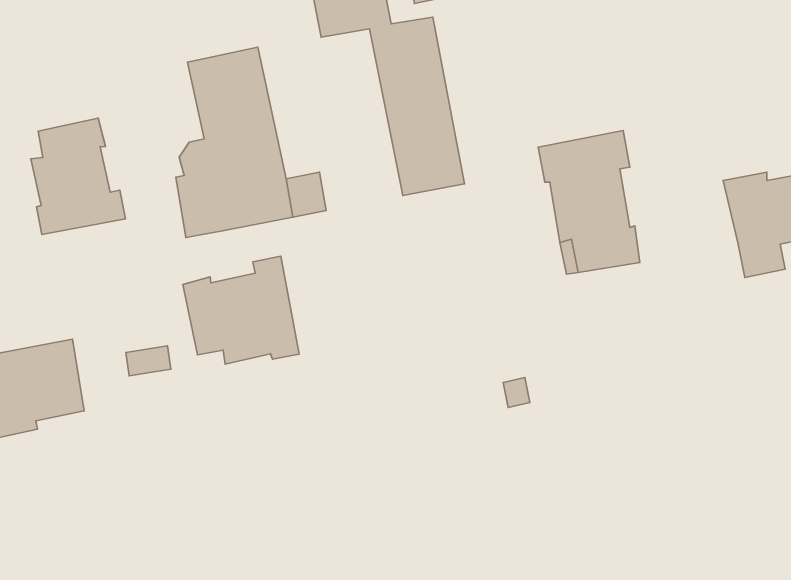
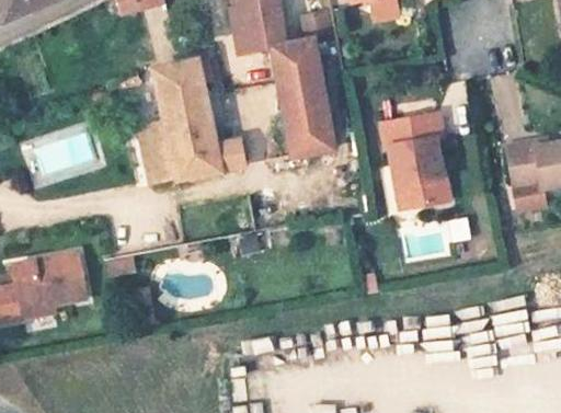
building: [31,118,126,234] -> none
building: [183,256,299,364] -> none

